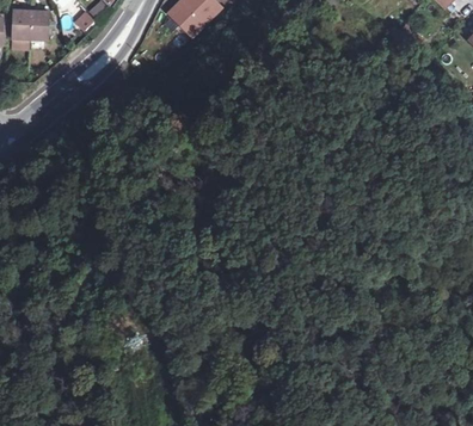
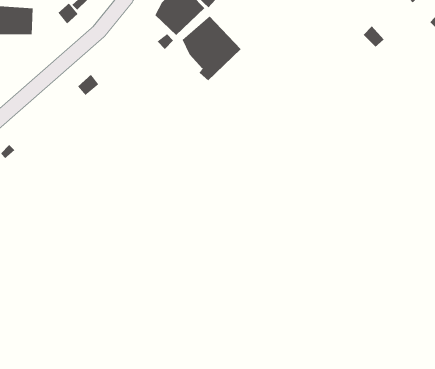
building: none -> [182,15,242,81]

